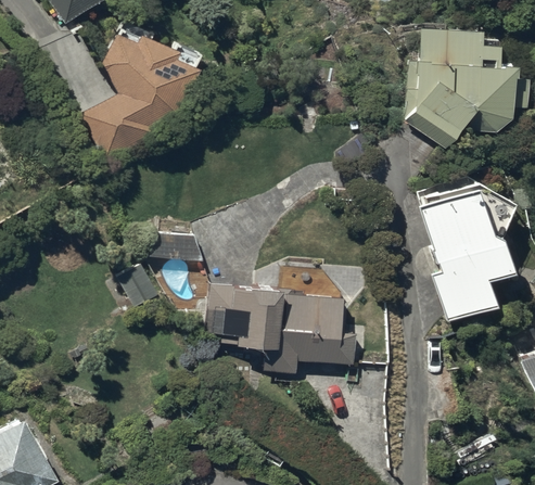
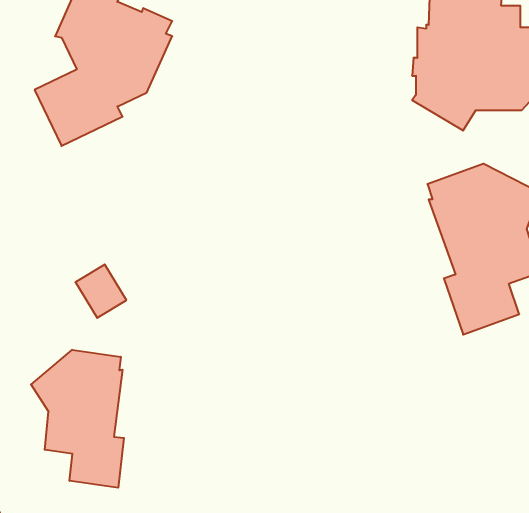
building: [207,281,355,374] -> none
building: none -> [31,350,124,488]

